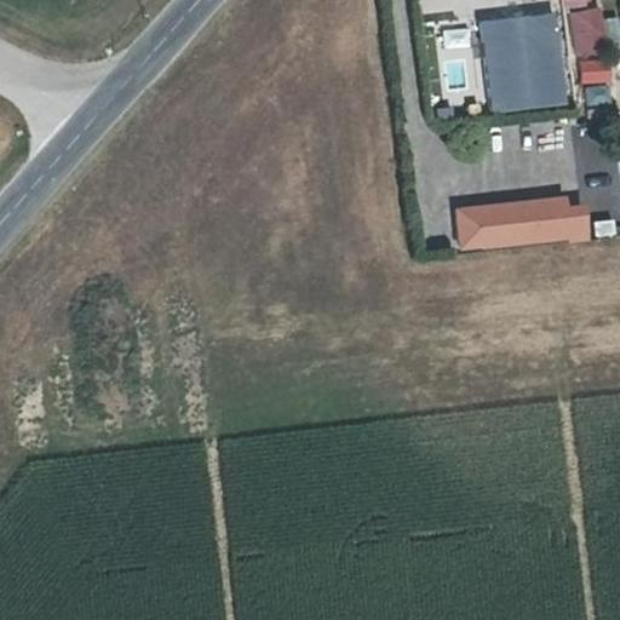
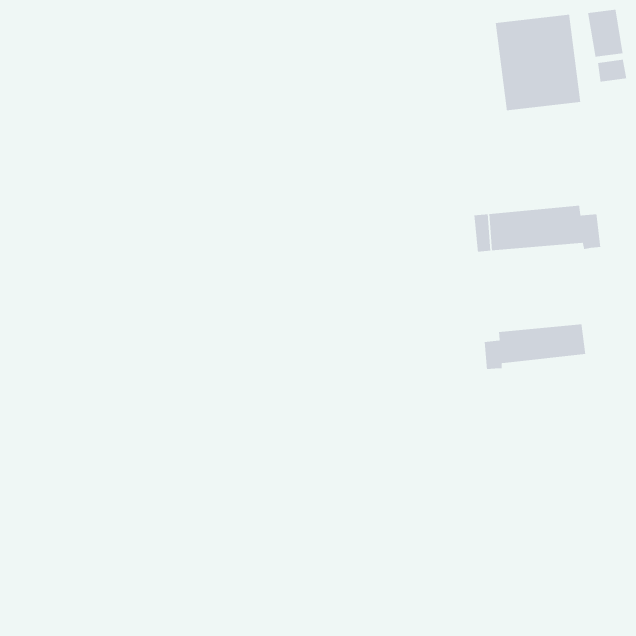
building: none -> [484,323,586,370]

